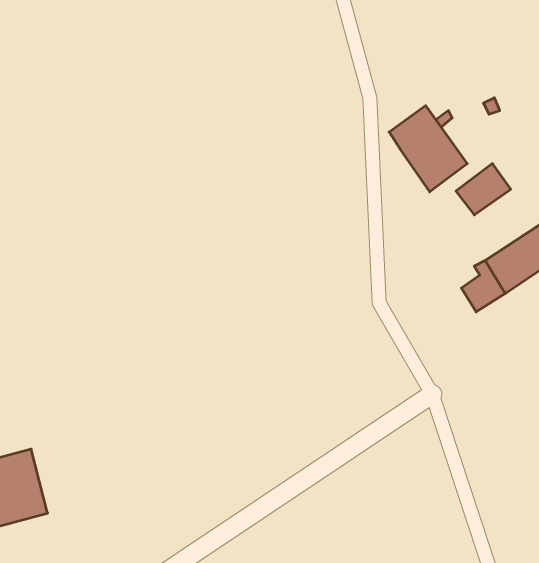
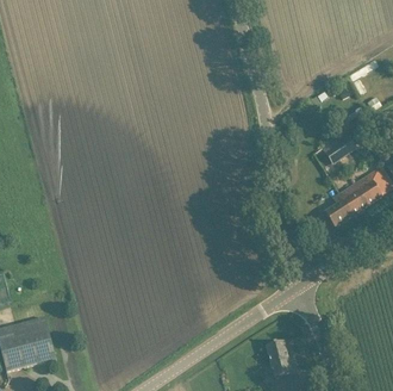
building: [389,106,467,192] -> none
building: none -> [266,340,295,374]

